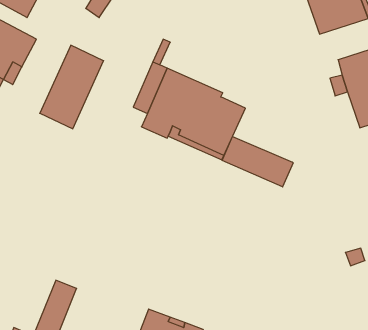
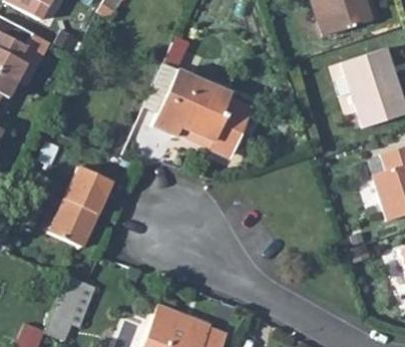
building: [40,45,104,129] -> [49,165,111,247]
building: [222,136,293,187] -> none

